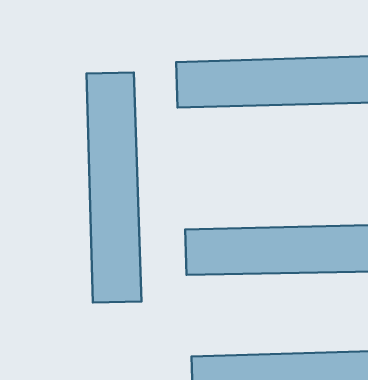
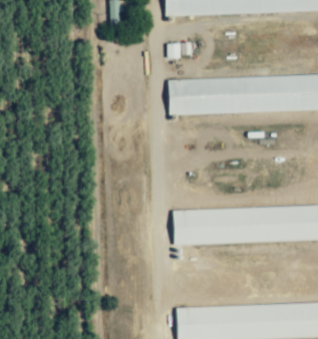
building: [87,72,141,302] -> none

